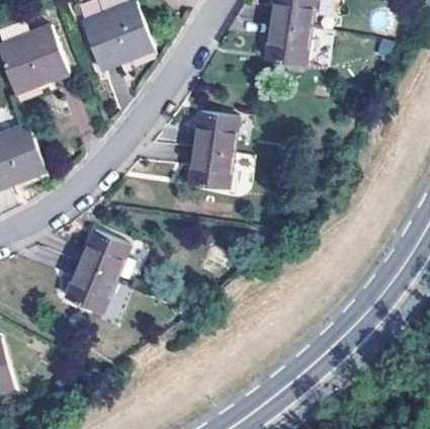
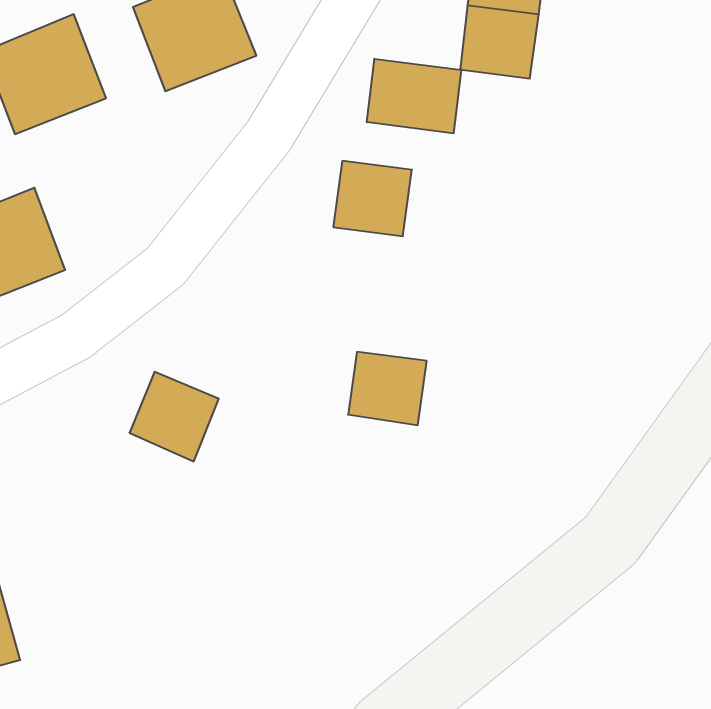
building: none -> [367,59,461,133]
building: [189,147,234,188] -> [348,352,427,425]
building: [66,263,115,312] -> none

